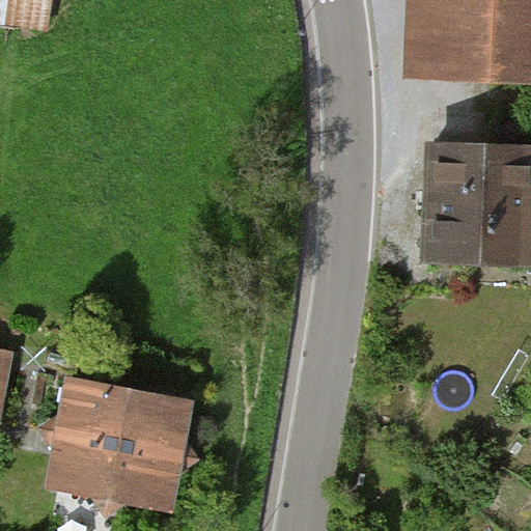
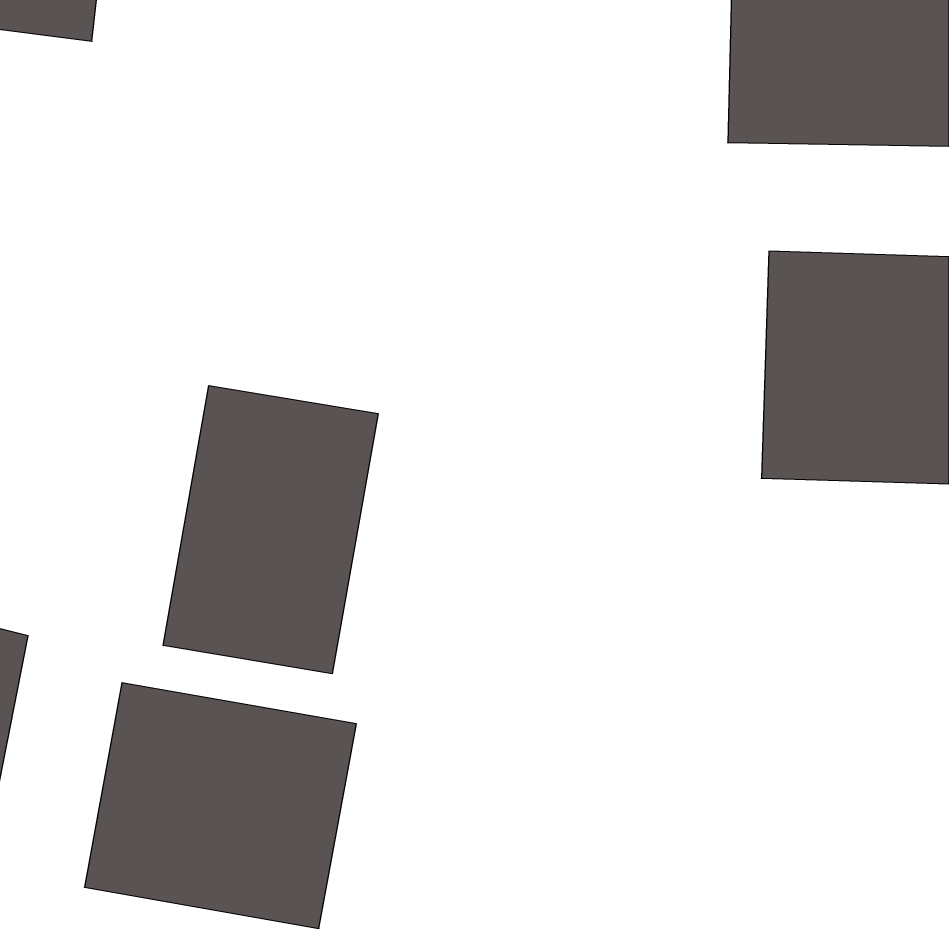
building: none -> [163,386,378,674]

